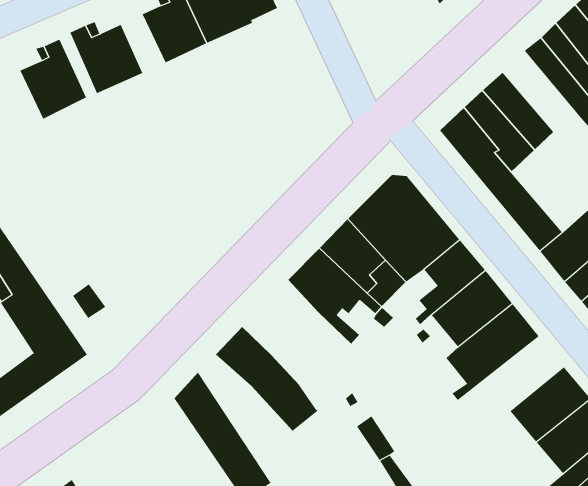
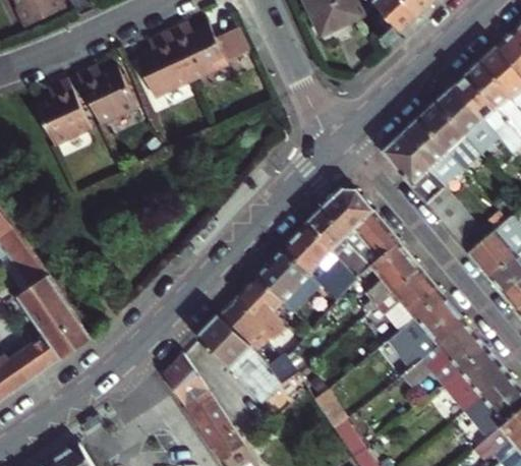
building: none -> [437,85,501,153]
building: none -> [239,276,300,384]
building: none -> [399,323,487,385]

